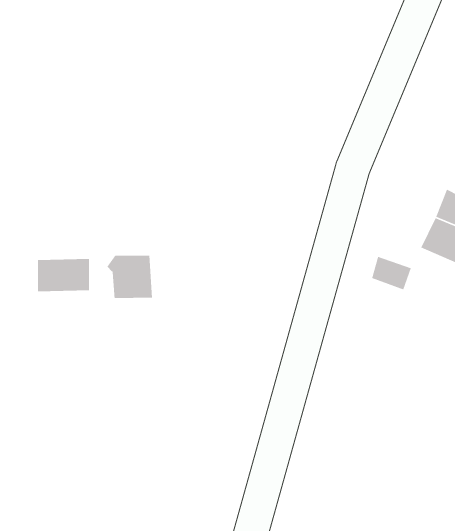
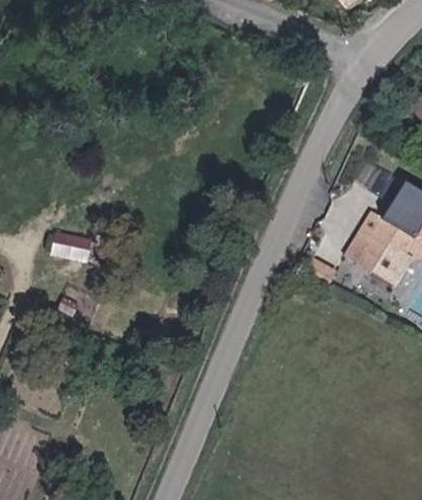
building: [106,255,153,299] -> none

